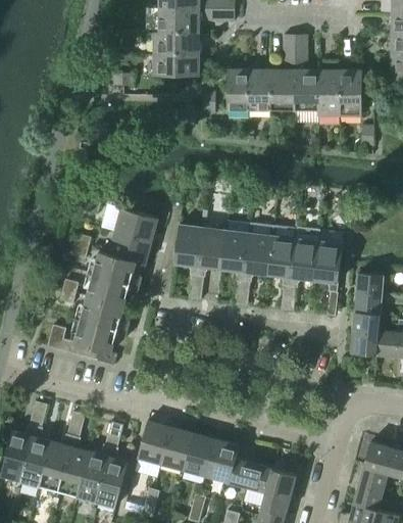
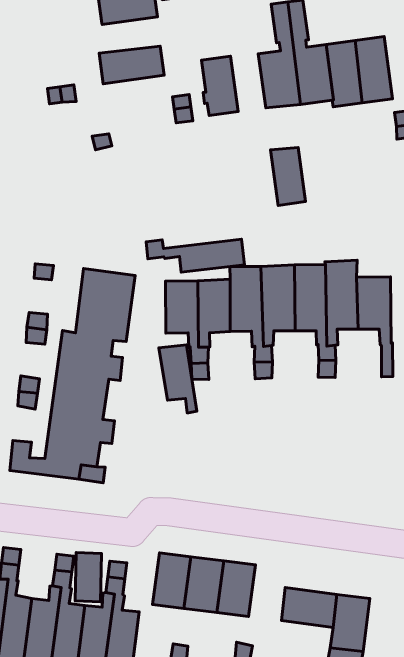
building: [153,32,199,54] -> none
building: [248,68,268,109] -> [270,148,306,205]
building: none -> [146,239,245,272]
building: none -> [159,345,197,413]
building: none -> [75,552,102,602]
building: [205,439,239,482] -> none

